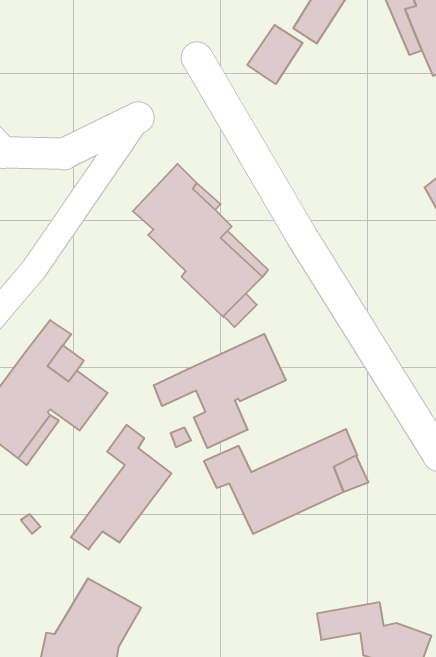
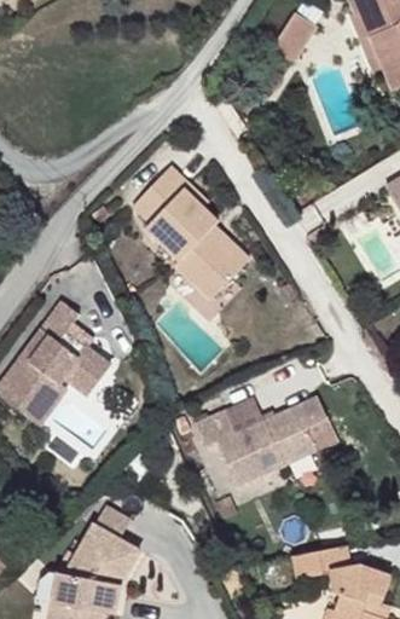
building: [247,25,303,84] -> none
building: [154,334,286,448] -> none
building: [71,425,171,550] -> none

